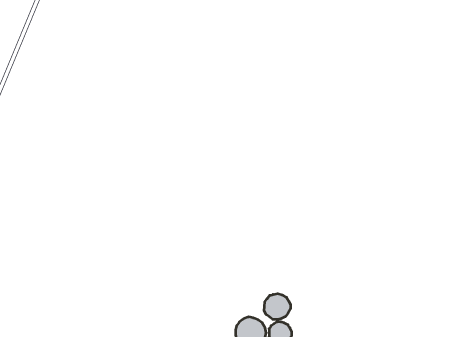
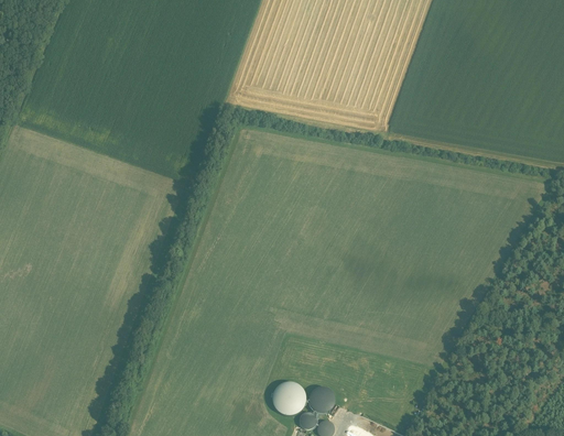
building: [264,294,291,320] -> none

